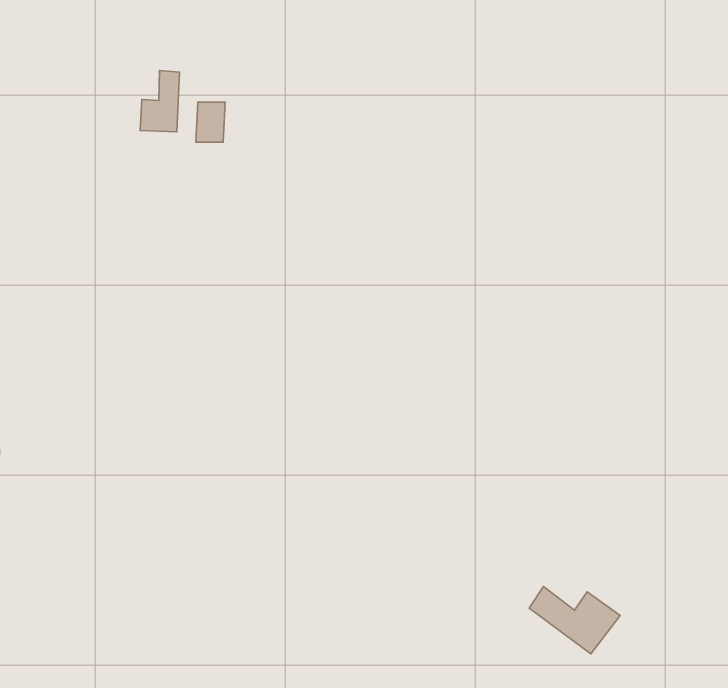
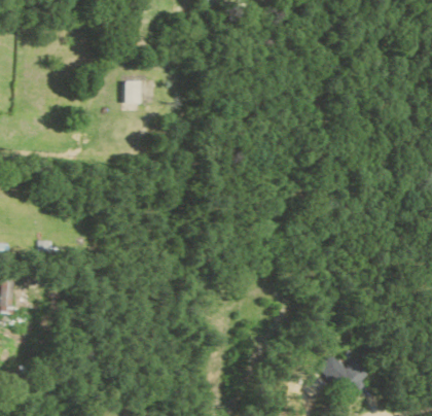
building: [140,70,180,132] -> none

